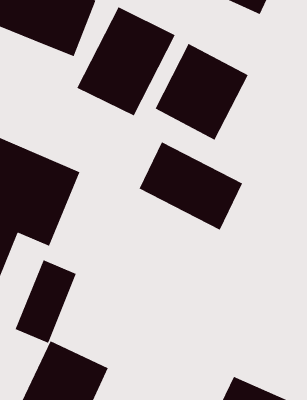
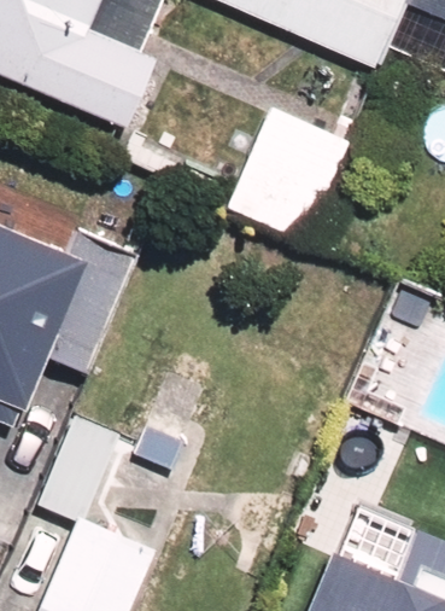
building: [76,6,176,117] -> none
building: [138,141,243,231] -> none

